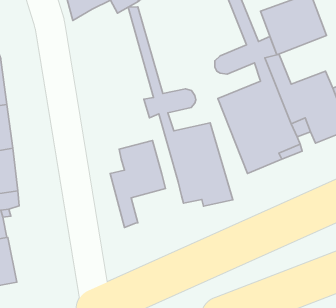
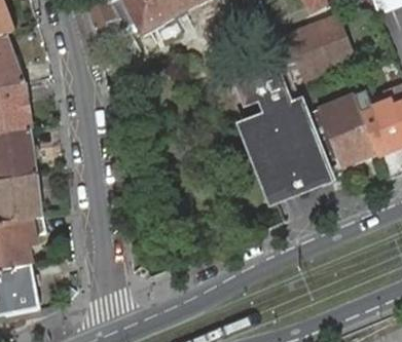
building: [128,7,233,206] -> none
building: [110,140,165,228] -> none

